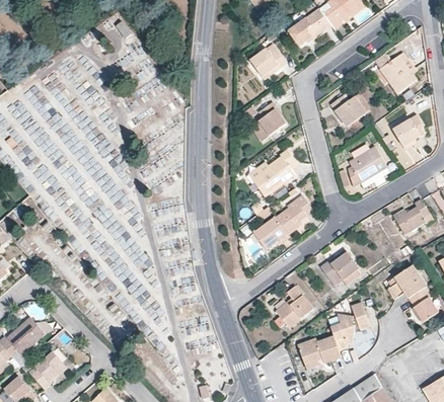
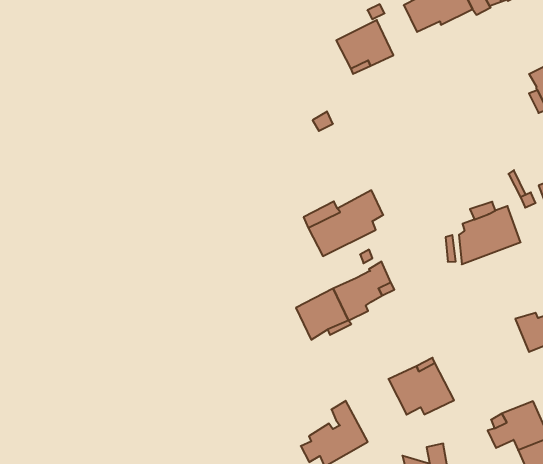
building: [329,92,371,127] -> none
building: [250,101,286,141] -> none

